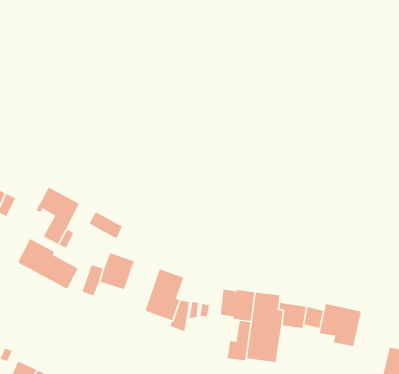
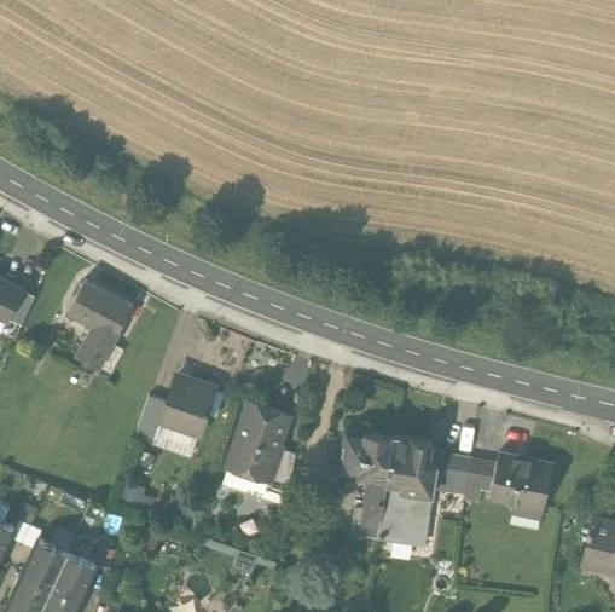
building: [89,211,123,239] -> none
building: [17,238,79,290] -> none

